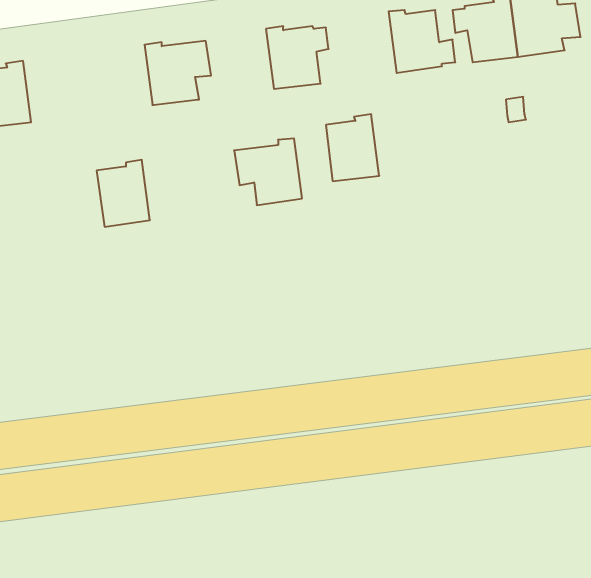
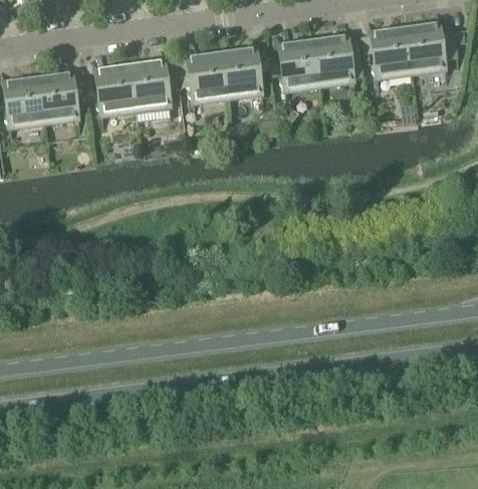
building: none -> [38,73,79,120]
building: [326,114,379,181] -> [279,37,319,87]
building: [234,138,302,205] -> [176,50,227,100]
building: [97,160,150,227] -> [95,62,136,112]

